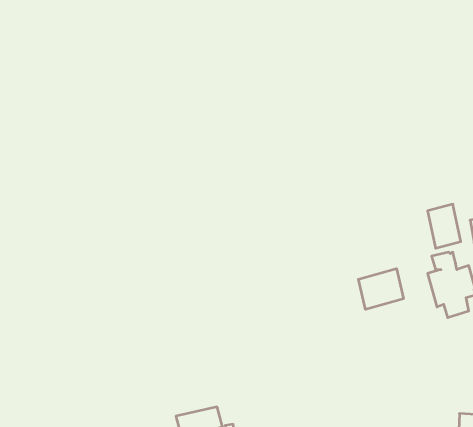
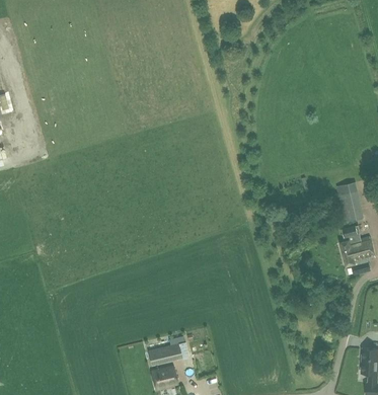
building: [358,269,403,309] -> none

